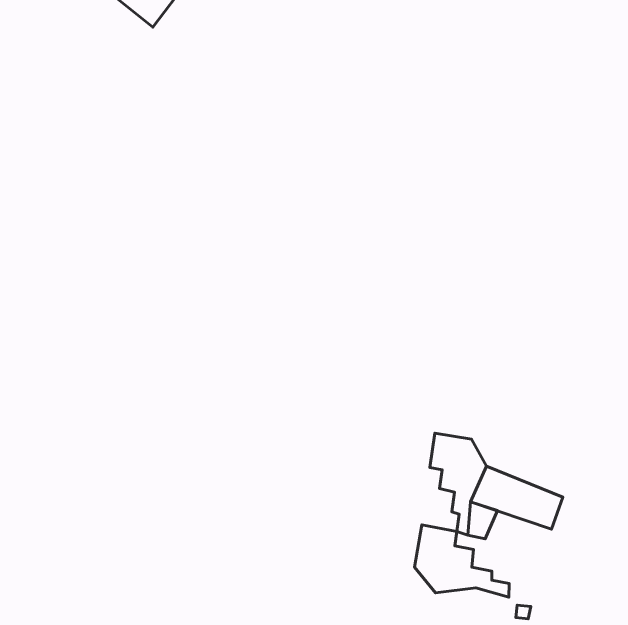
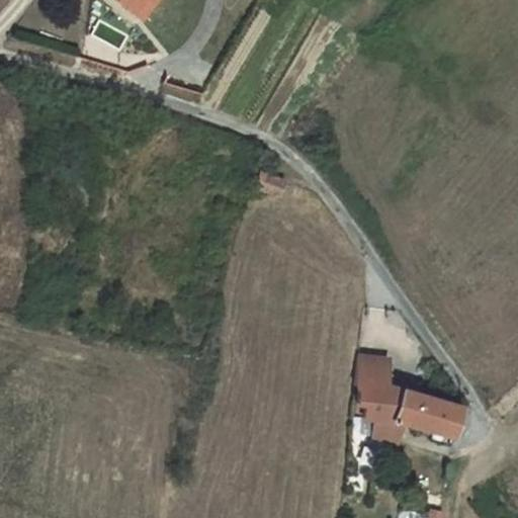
building: [415,525,509,597] -> none

